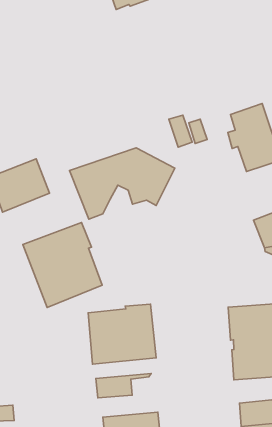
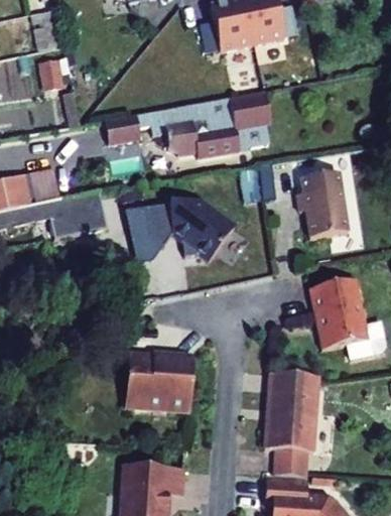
building: none -> [107,89,273,154]
building: [23,222,102,307] -> none
building: [96,374,151,398] -> none

